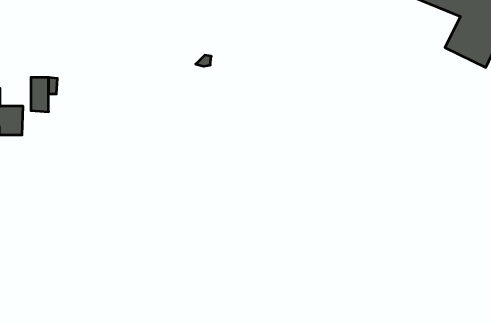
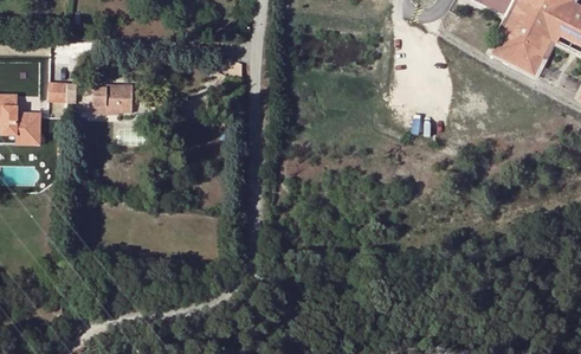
building: none -> [93,85,133,111]

